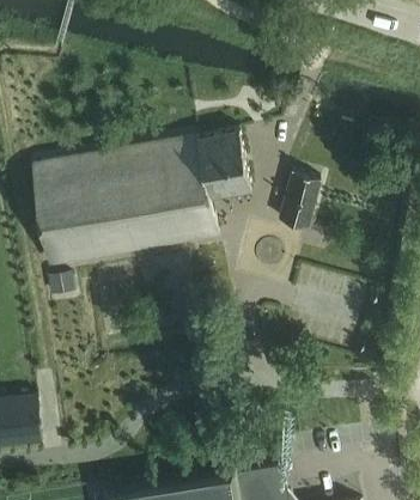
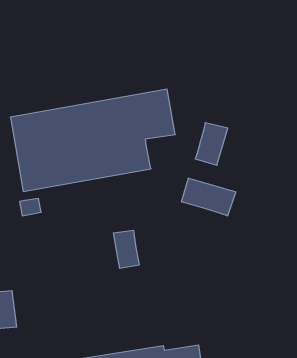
building: none -> [181,178,236,216]
building: none -> [113,230,139,268]

